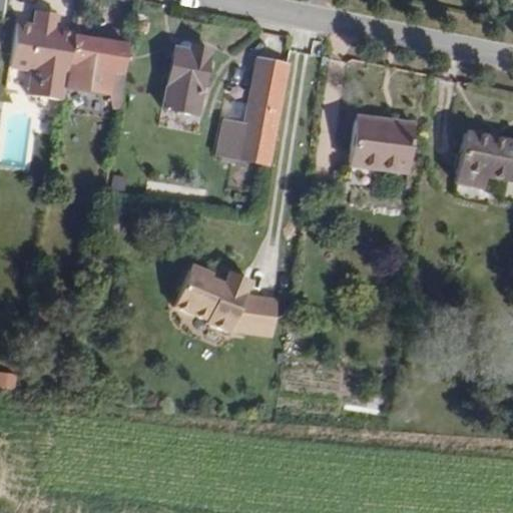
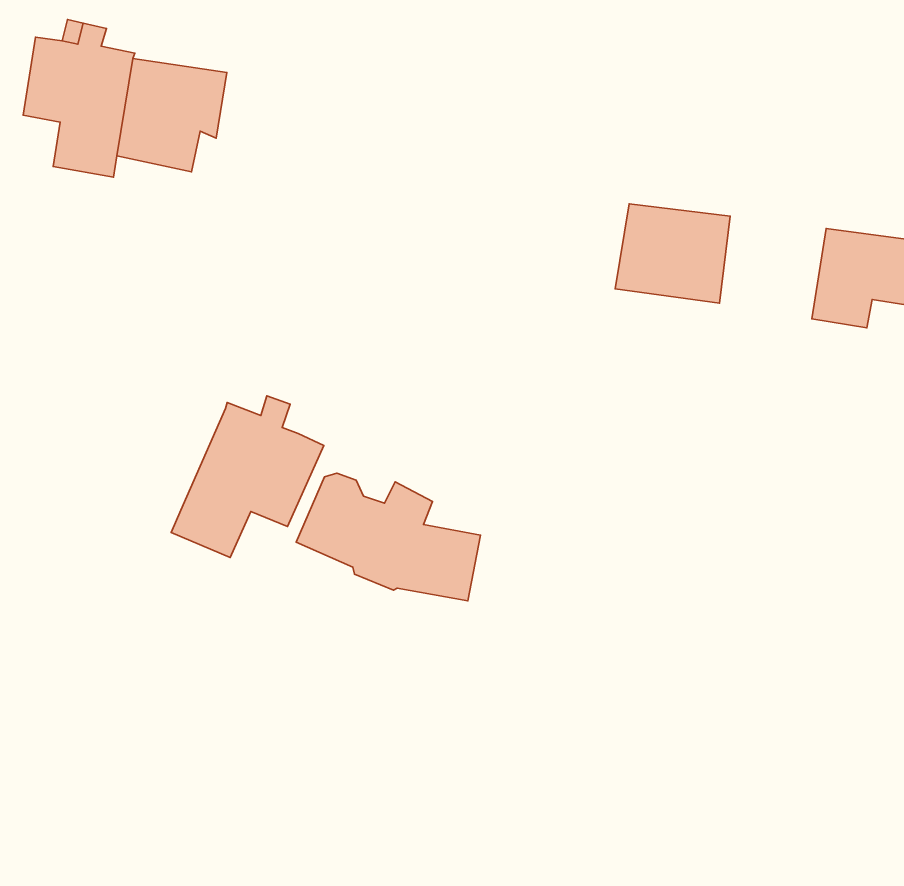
building: [162,45,209,112] -> none
building: [215,56,289,165] -> none
building: none -> [171,396,324,558]

